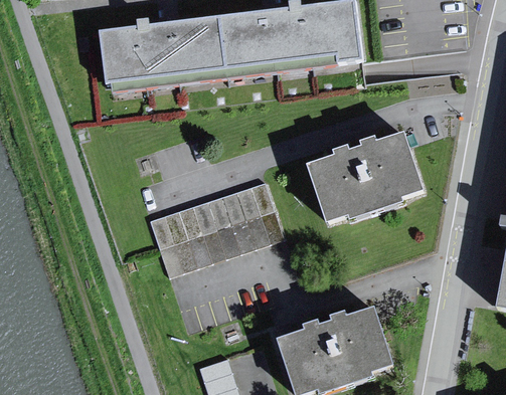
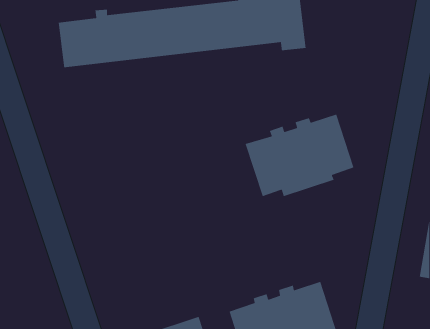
building: [144,180,286,275] -> none

